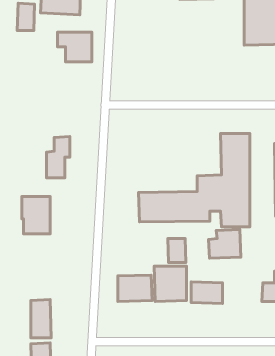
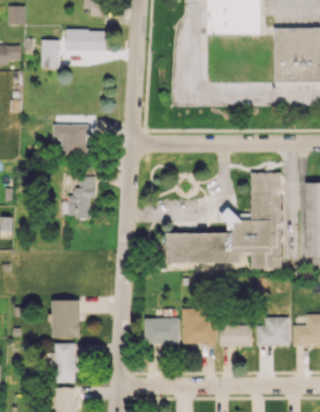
building: [58,32,92,62] -> [53,125,89,155]
building: [22,196,50,234] -> [50,299,79,338]
building: [208,230,241,258] -> [257,317,290,346]
building: [168,239,186,263] -> none

